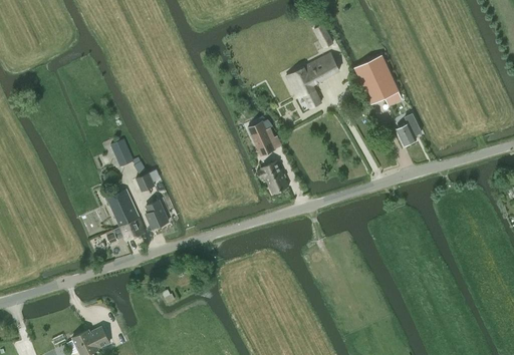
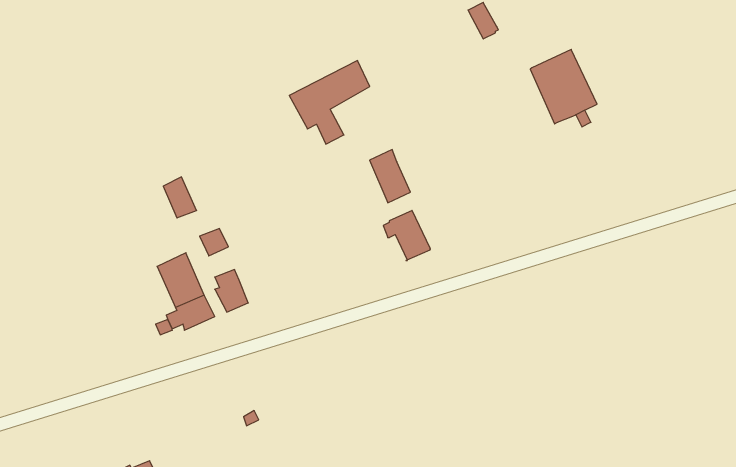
building: [284,52,337,107] -> [289,61,370,144]
building: [396,113,420,144] -> none

